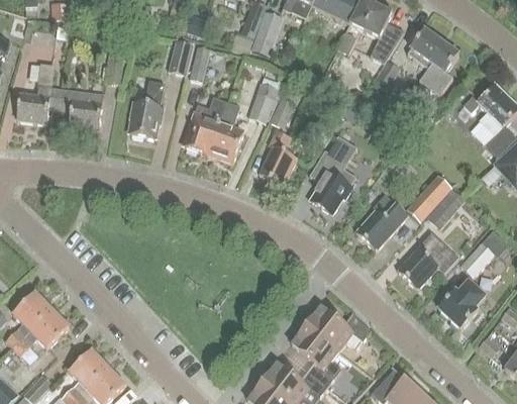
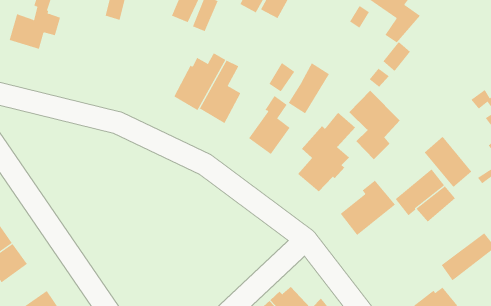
building: [408,29,458,95] -> [348,90,401,160]
building: [247,74,283,123] -> [288,63,330,114]
building: [129,80,165,139] -> none
building: [62,88,105,128] -> none
building: none -> [424,136,472,188]
building: [399,232,456,288] -> none

